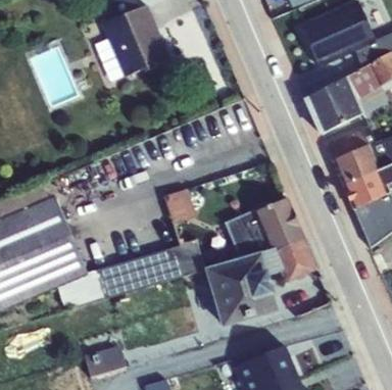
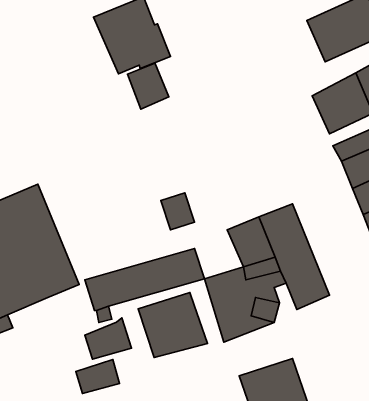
building: none -> [128,63,169,109]
building: [57,271,101,309] -> [85,318,132,359]
building: none -> [138,293,207,357]

